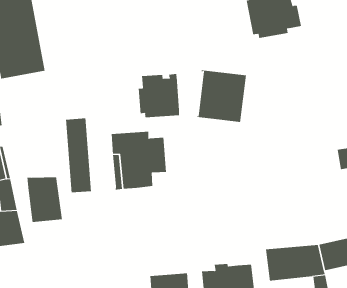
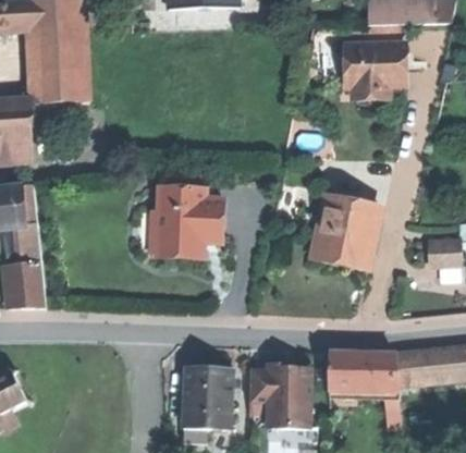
building: [196,70,247,123] -> [314,194,381,264]
building: [138,73,180,118] -> none
building: [66,118,91,193] -> none
building: [27,177,63,223] -> none

